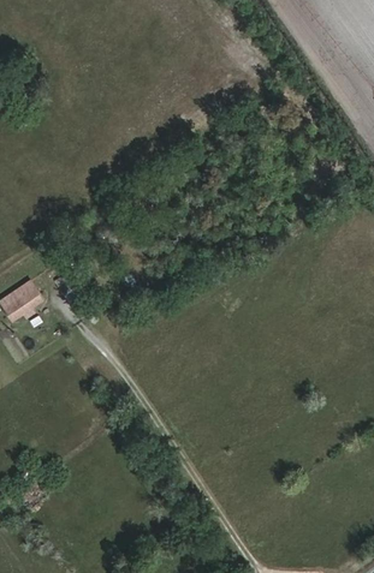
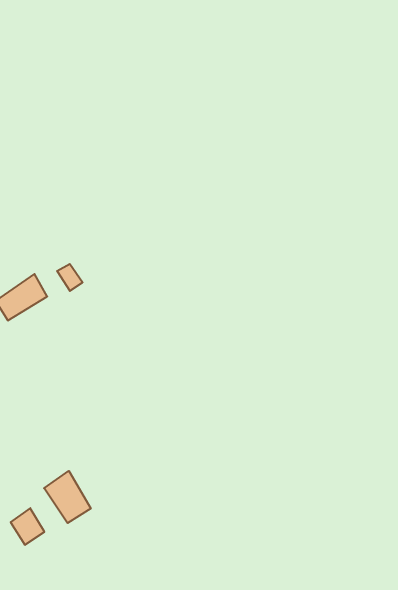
building: none -> [44,471,91,523]

